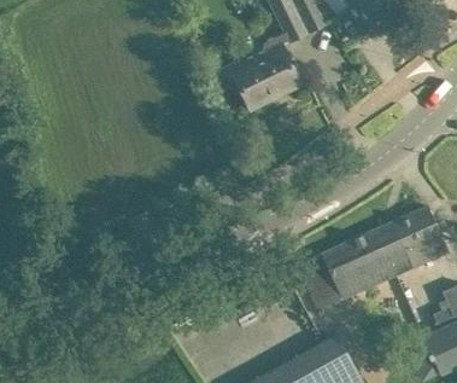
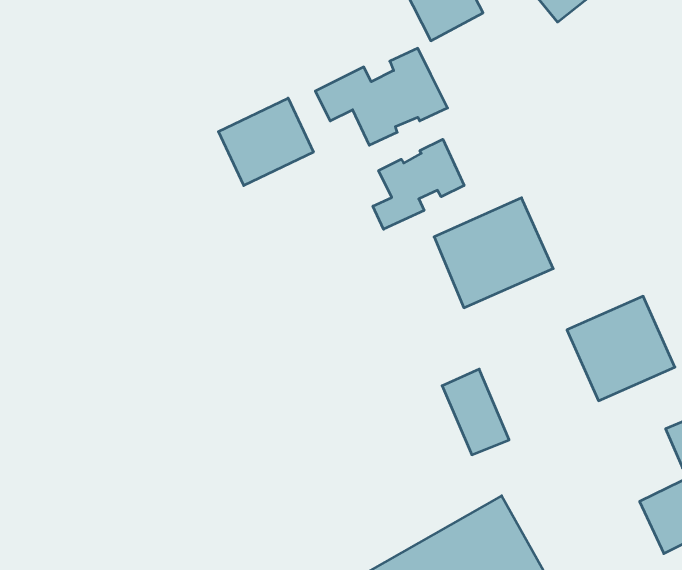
building: none -> [218,98,313,186]
building: none -> [373,139,464,229]
building: [322,227,399,298] -> [434,198,553,308]

